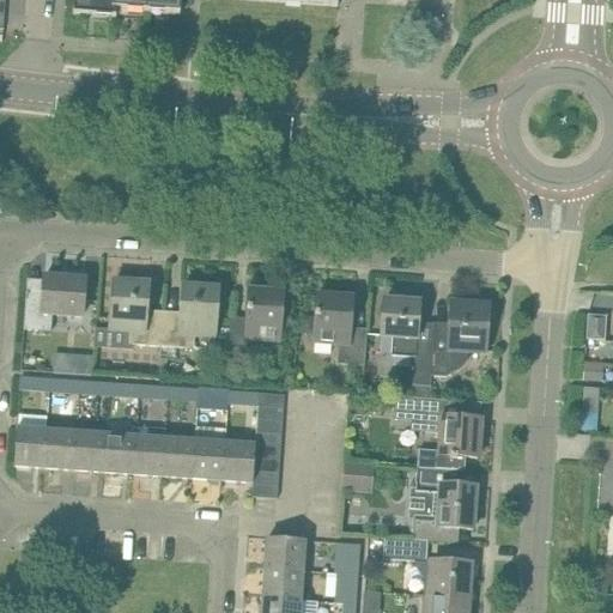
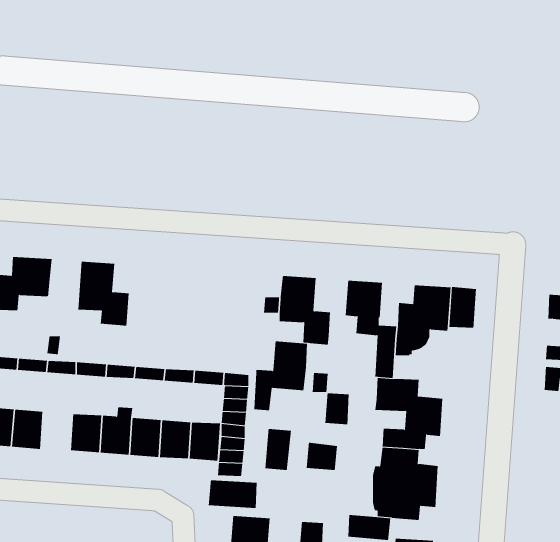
building: [162,283,219,345] -> none
building: [229,287,284,358] -> [253,341,308,411]
building: none -> [449,286,477,329]
building: none -> [325,393,349,425]
building: [74,430,107,469] -> none
building: none -> [265,428,291,471]
building: none -> [208,479,257,509]

